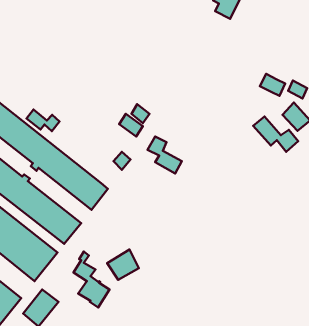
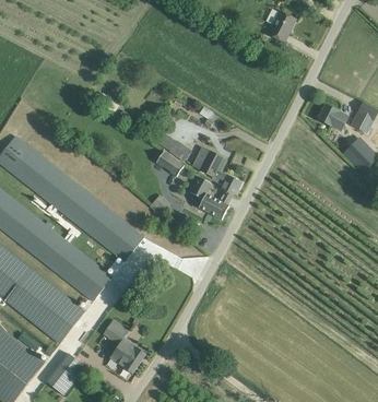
building: none -> [192,145,241,196]
building: [26,110,60,131] -> none
building: [253,116,298,152] -> none
building: [107,249,139,280] -> none

